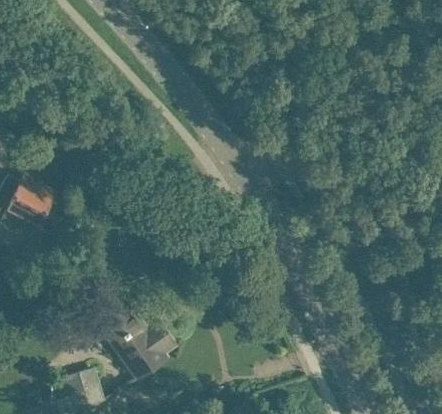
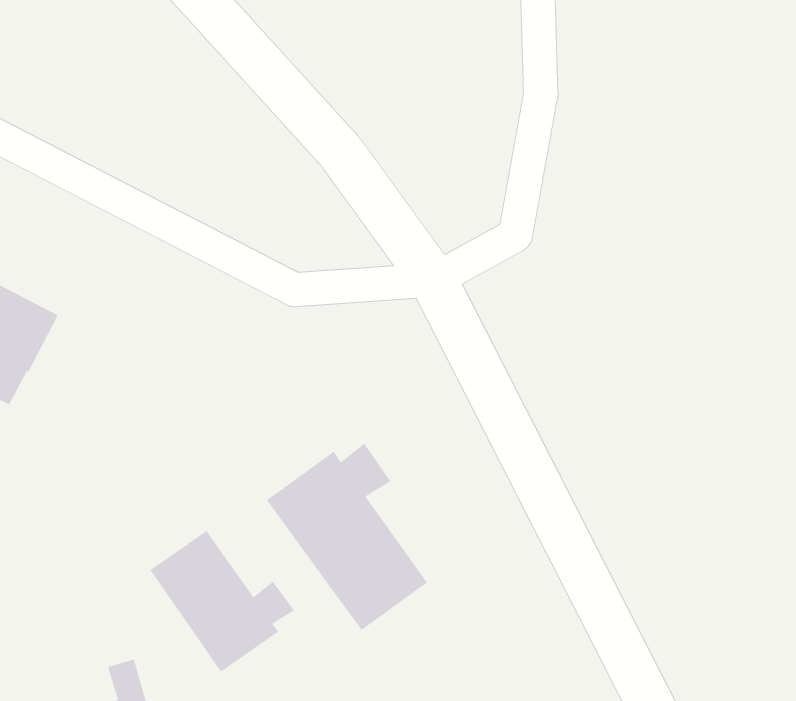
building: none -> [266,443,428,632]

